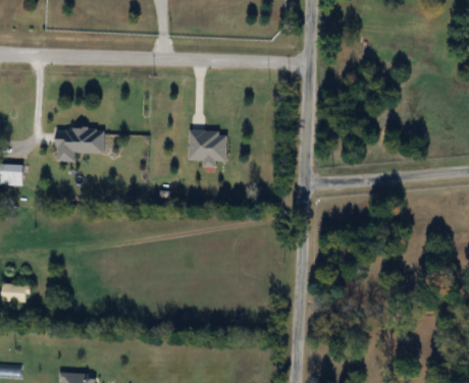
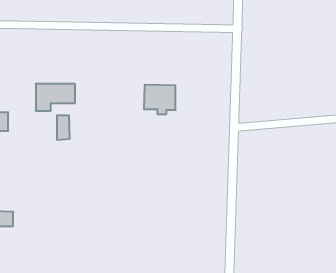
building: none -> [57,115,70,140]

